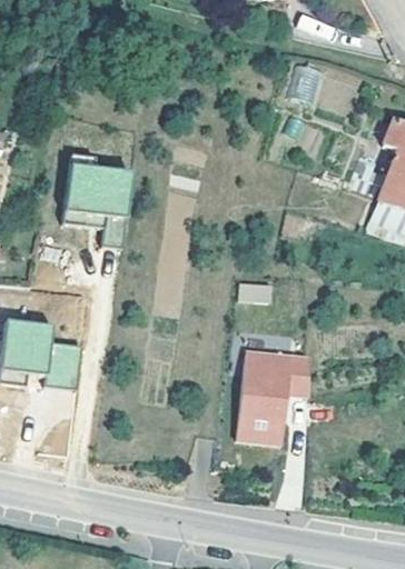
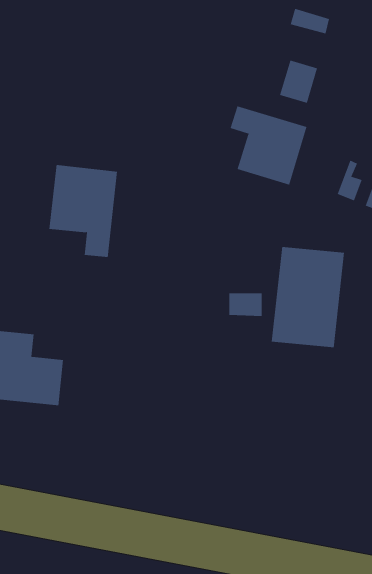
building: none -> [230,105,307,185]
building: [239,349,309,445] -> [271,247,345,348]

